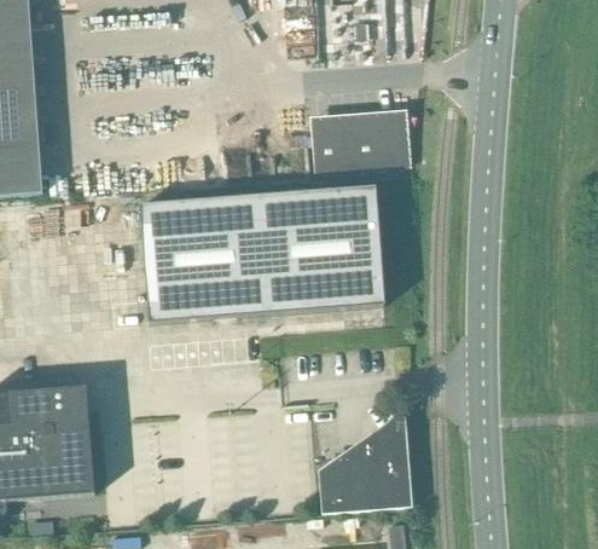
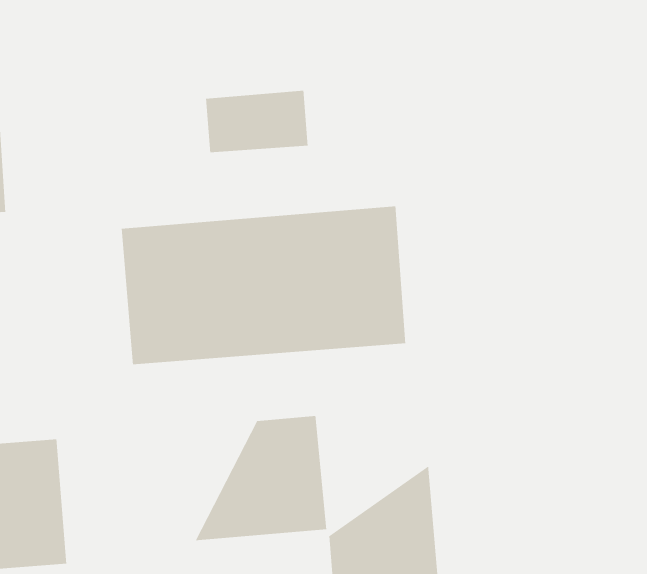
building: [312,116,400,171] -> [205,90,308,153]
building: none -> [194,415,327,541]

